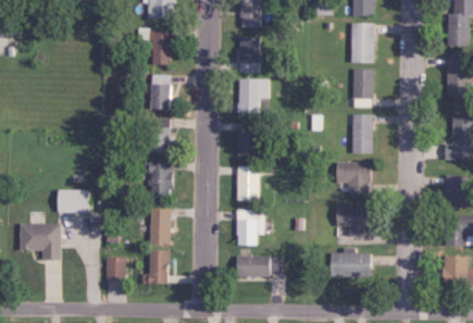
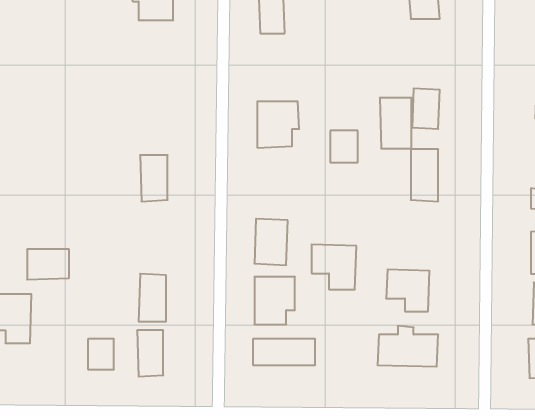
building: [350,23,374,61] -> [380,98,412,148]
building: [150,30,171,64] -> none
building: [237,38,257,63] -> none
building: [149,75,170,110] -> none
building: [236,133,257,157] -> [330,131,358,162]
building: [334,161,368,195] -> [312,244,356,289]
building: [146,162,169,197] -> none

